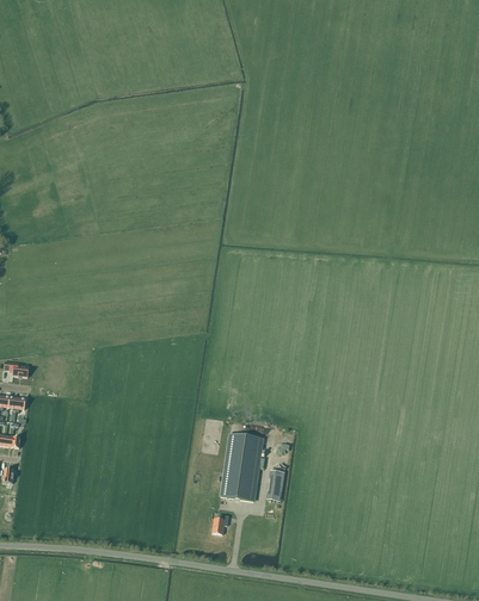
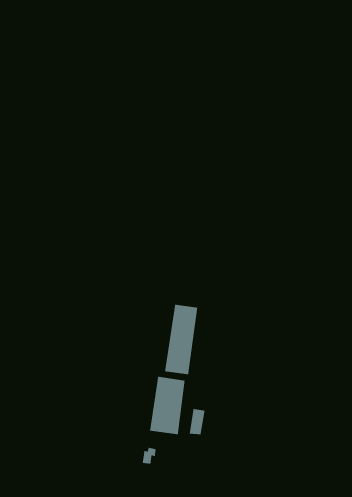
building: none -> [164,304,198,375]

